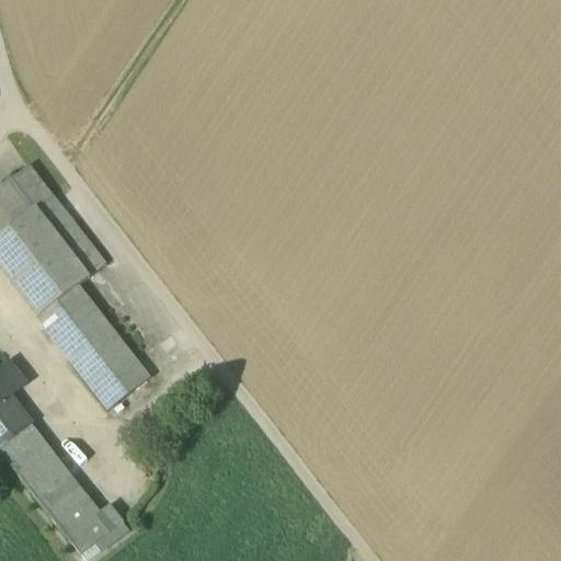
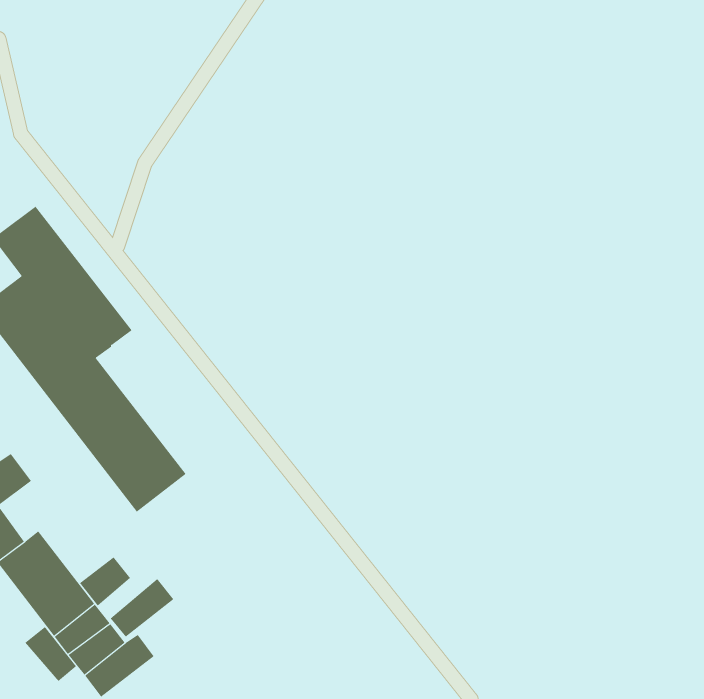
building: none -> [79,557,131,607]
building: none -> [110,578,174,638]
building: none -> [25,626,77,682]

